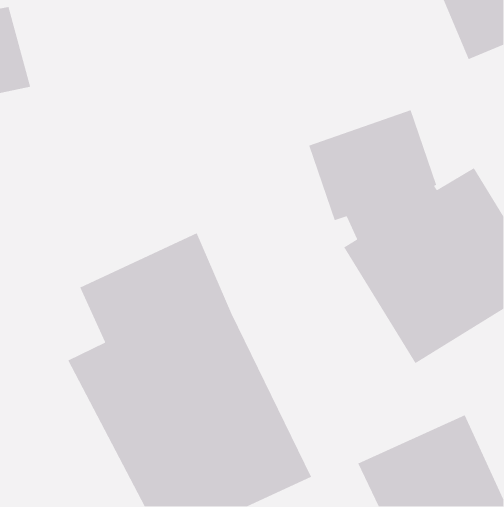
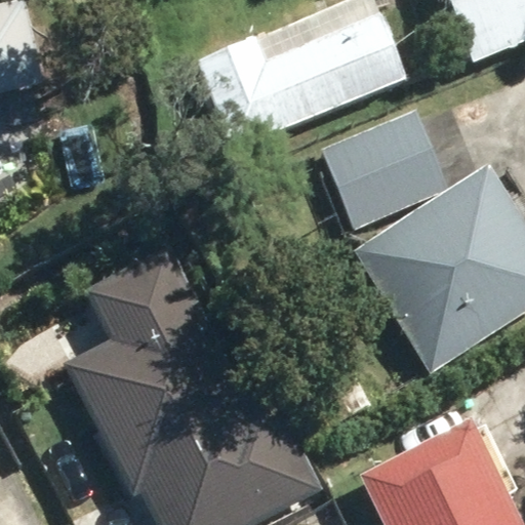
building: none -> [193,22,400,149]

